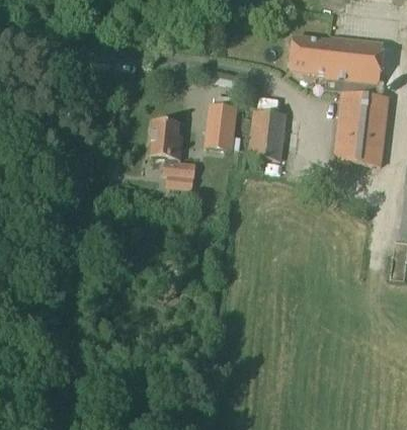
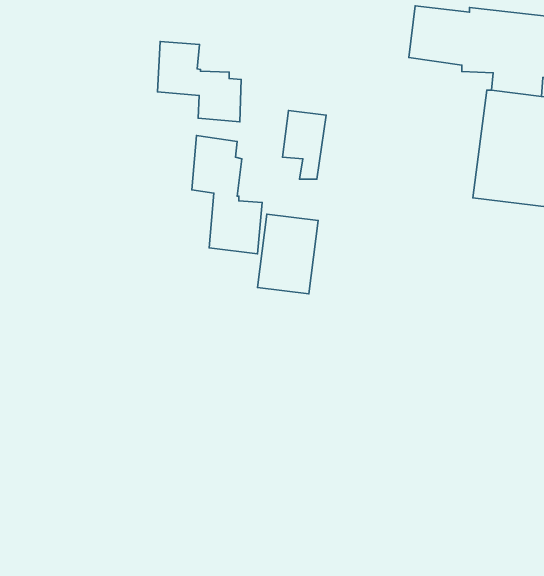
building: none -> [157,41,241,122]
building: [248,108,288,160] -> [257,214,318,294]

